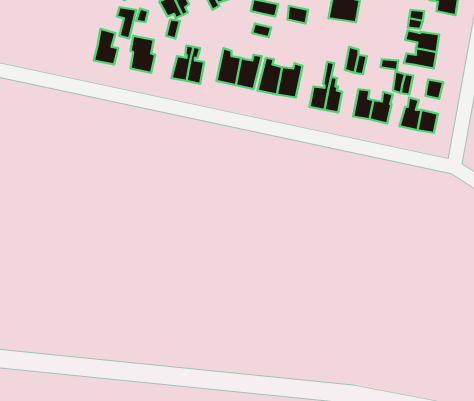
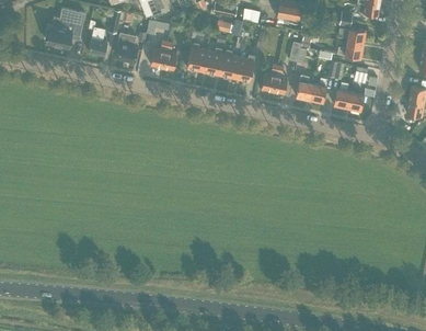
building: none -> [48,9,84,48]

